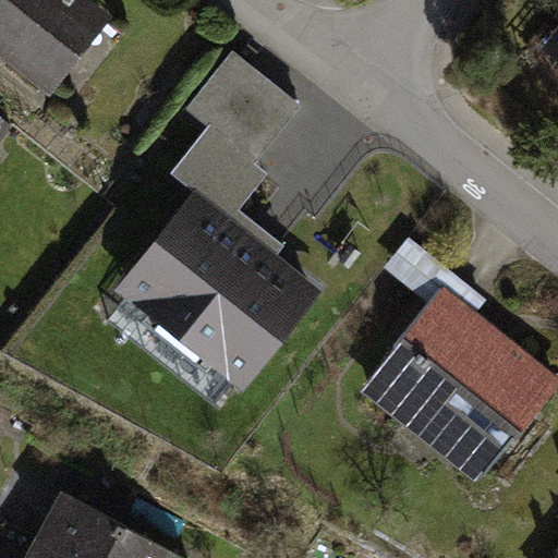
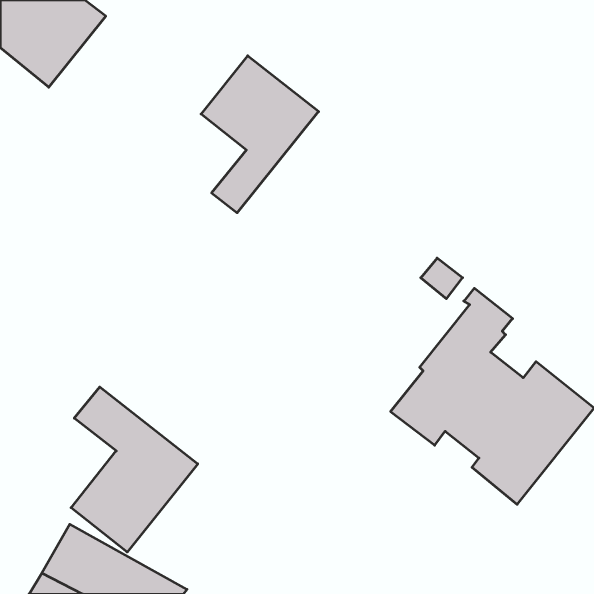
building: [108,202,310,402] -> none
building: none -> [71,387,198,552]

